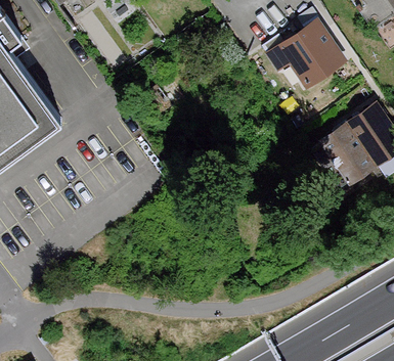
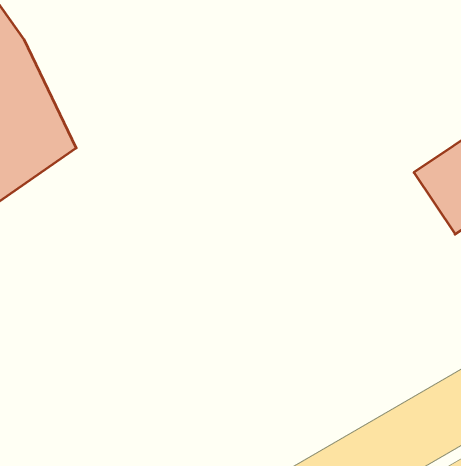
building: [265,17,348,98] -> none

